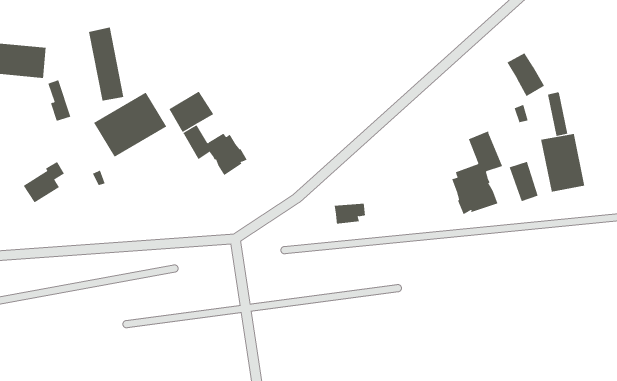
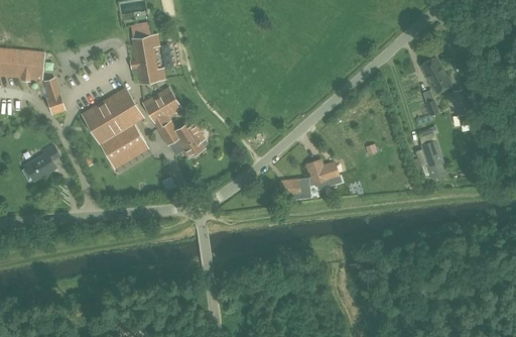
building: [88,27,124,101] -> [129,22,158,83]
building: [451,131,503,215] -> none
building: [540,133,585,192] -> none
building: none -> [100,124,144,163]
building: none -> [305,159,338,185]

